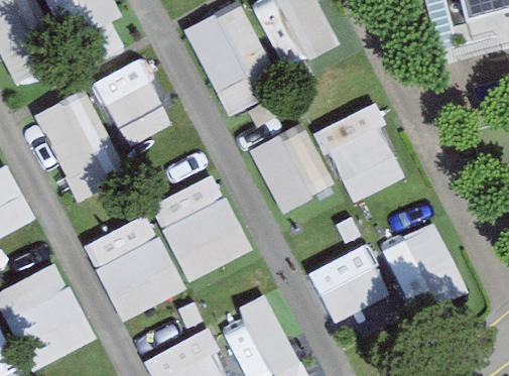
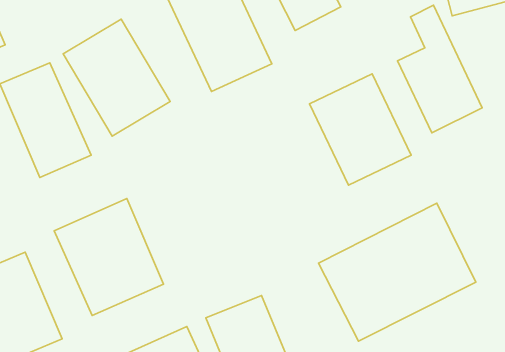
building: none -> [397,5,482,133]
building: [249,129,322,213] -> none
building: [149,173,252,282] -> none

